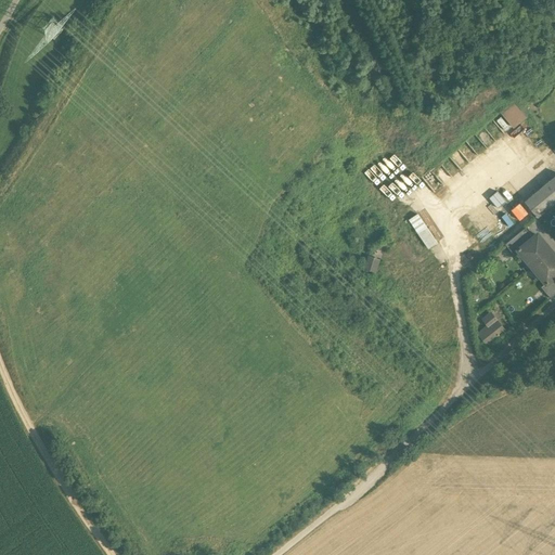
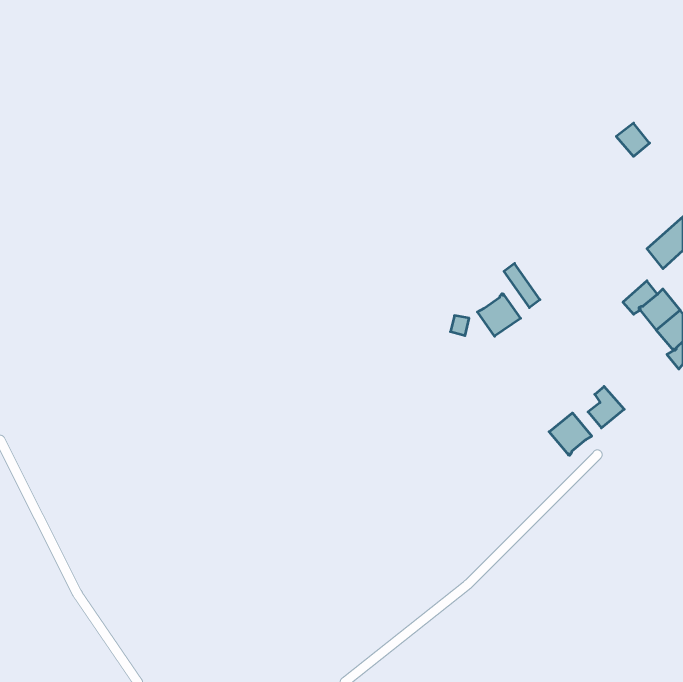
building: none -> [477,294,521,336]
building: none -> [549,413,592,455]

